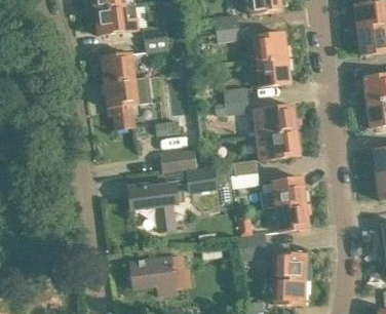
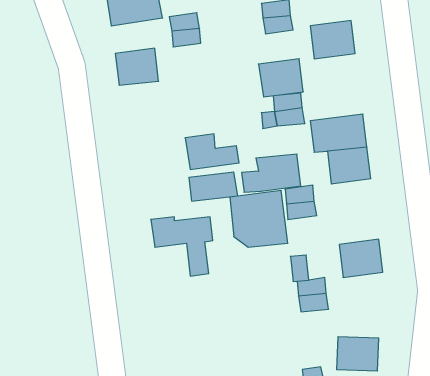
building: [256,56,291,86] -> [258,59,303,97]
building: [104,76,152,128] -> none
building: [260,176,306,206] -> [242,154,301,192]
building: [274,251,306,278] -> none
building: [125,254,192,295] -> none

